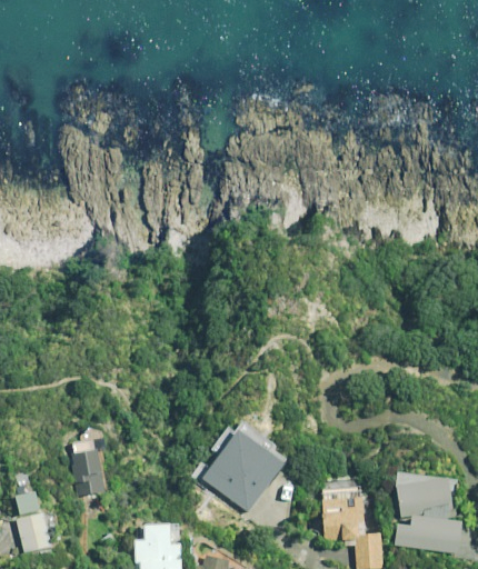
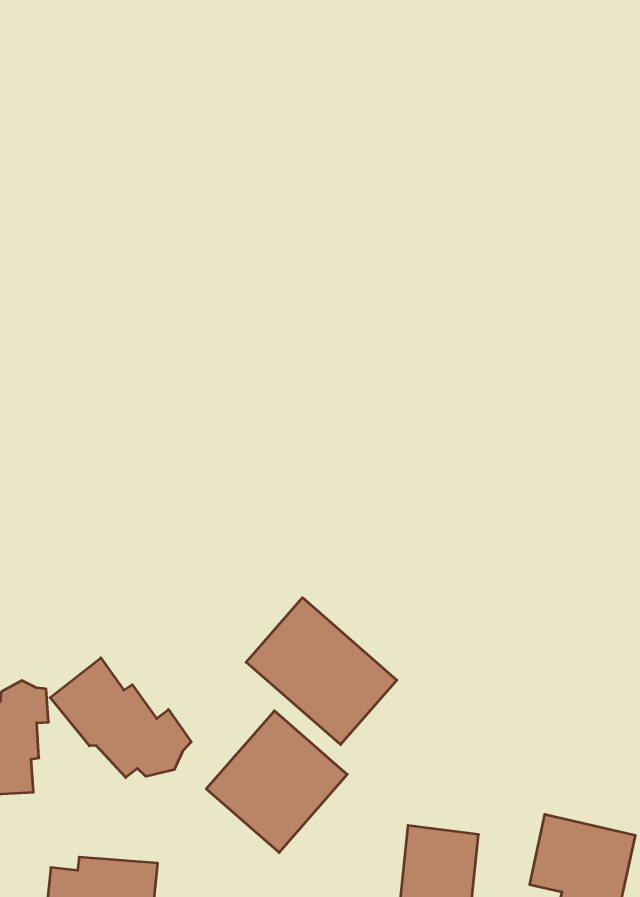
building: none -> [246,598,397,745]
building: none -> [50,658,191,778]

